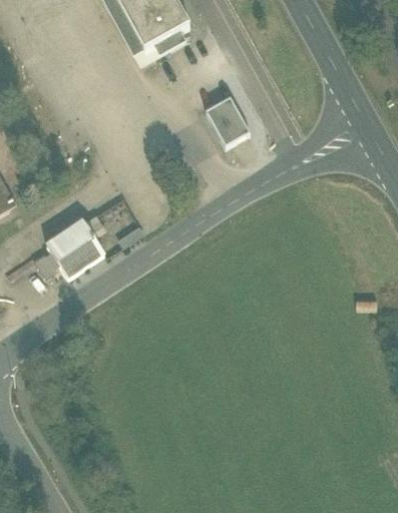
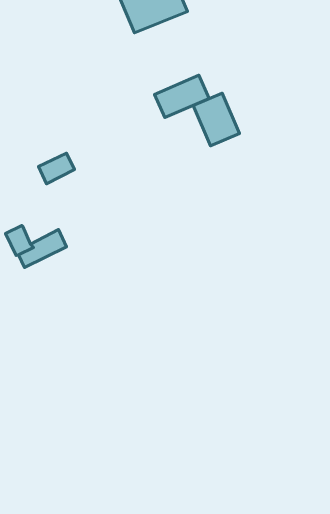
building: none -> [154,75,209,118]
building: [62,223,95,253] -> [39,153,74,184]

